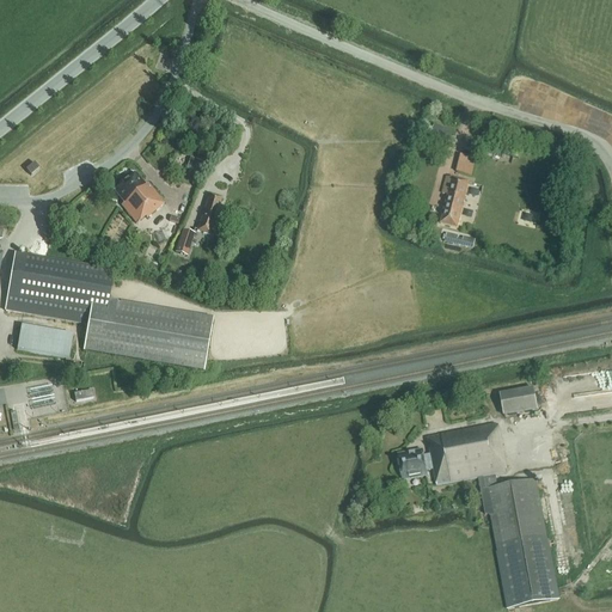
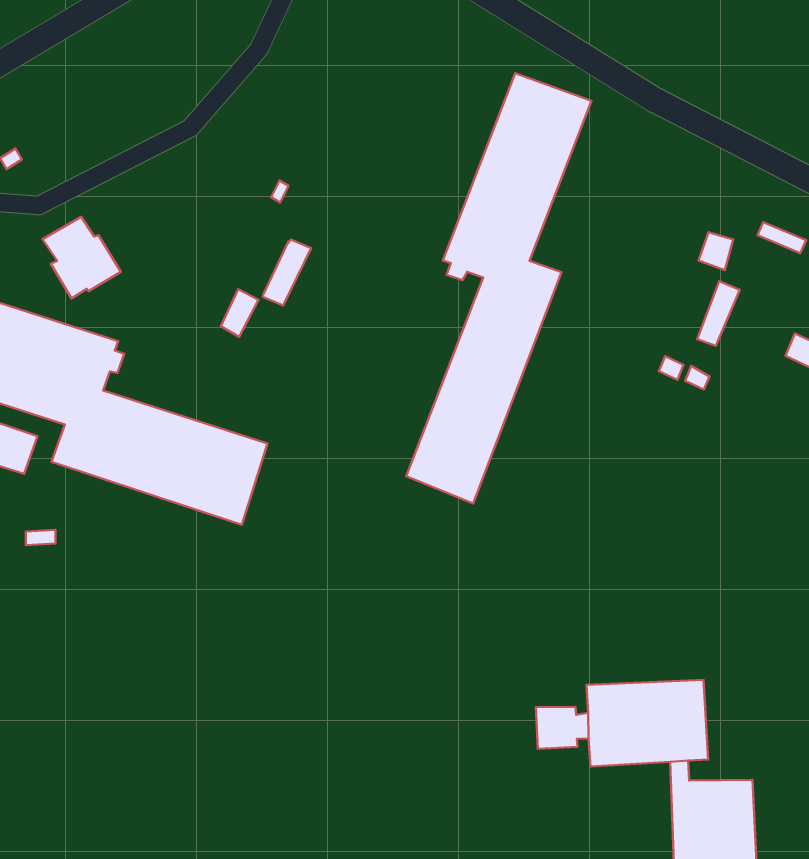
building: none -> [406,73,591,504]
building: [112,171,163,221] -> [43,217,121,299]
building: [439,173,469,226] -> none
building: [497,378,536,414] -> none

